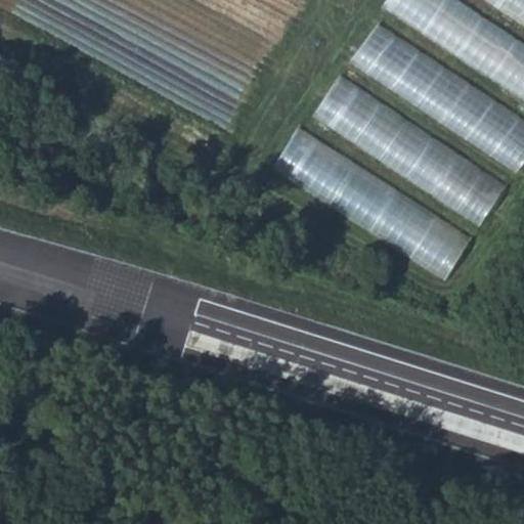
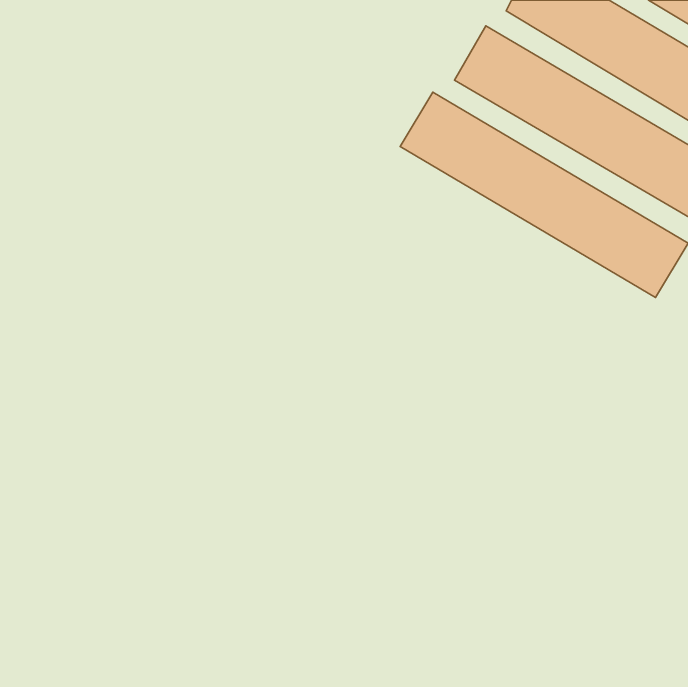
building: [276,132,478,277] -> none

